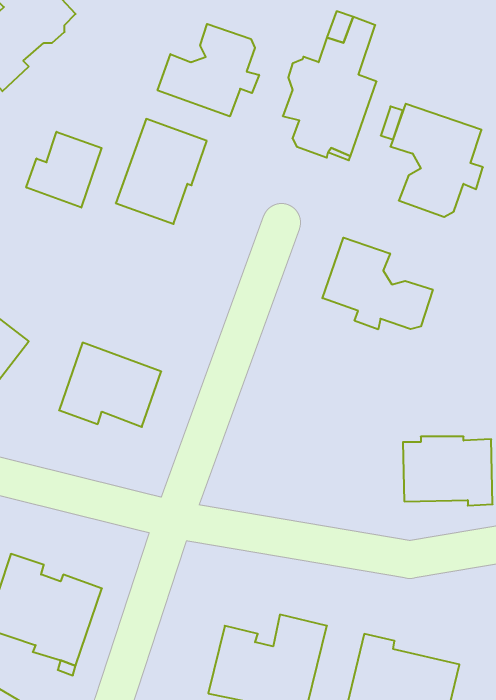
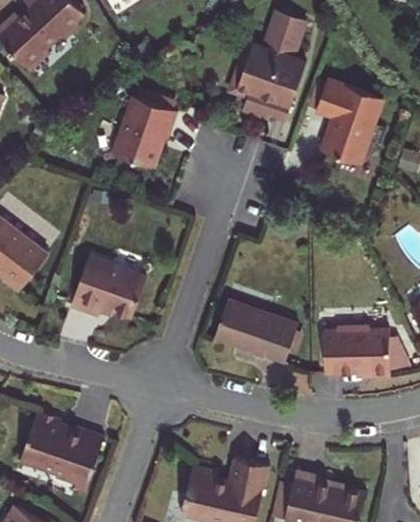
building: [158,24,259,116] -> none
building: [26,132,102,208] -> none
building: [322,238,433,329] -> none
building: none -> [218,301,298,362]

